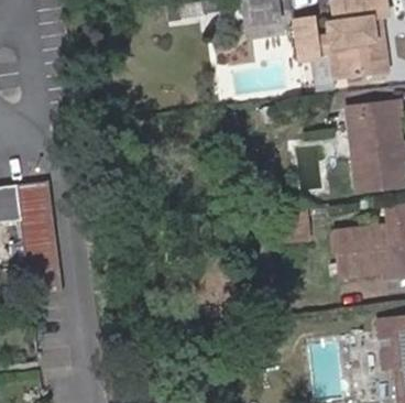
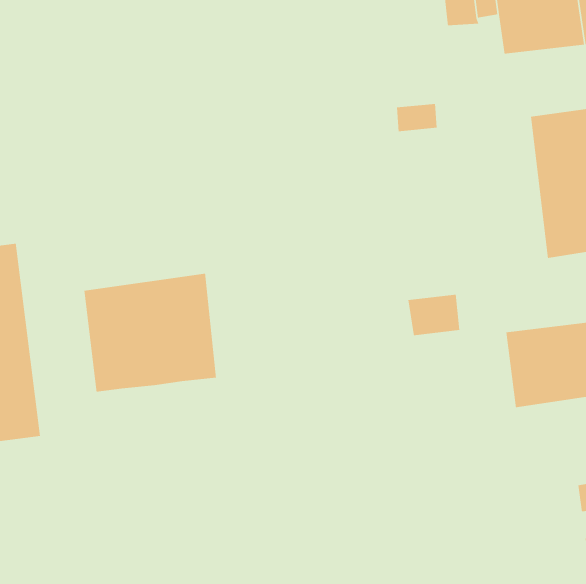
building: none -> [84,273,217,393]

